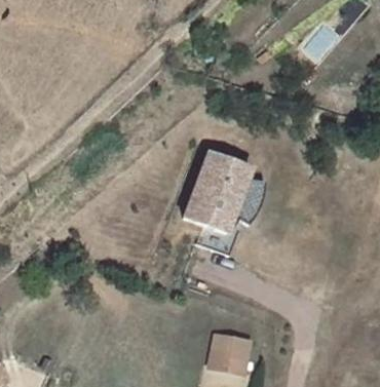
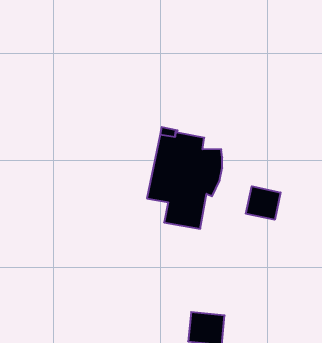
building: none -> [246,186,281,220]

